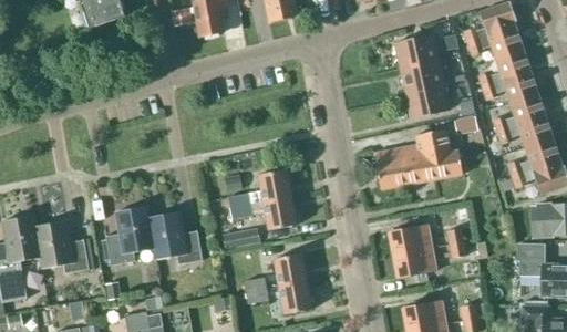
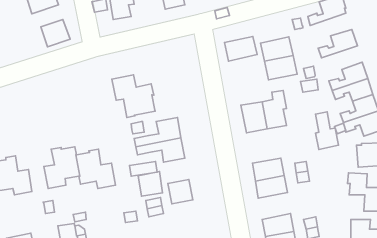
building: [467,27,524,58] -> none
building: [394,34,439,68] -> [224,37,257,61]
building: none -> [41,19,70,47]
building: [483,71,538,103] -> none
building: none -> [112,75,155,117]
building: [431,128,462,179] -> [316,112,338,149]
building: [279,280,312,313] -> [138,172,163,196]

